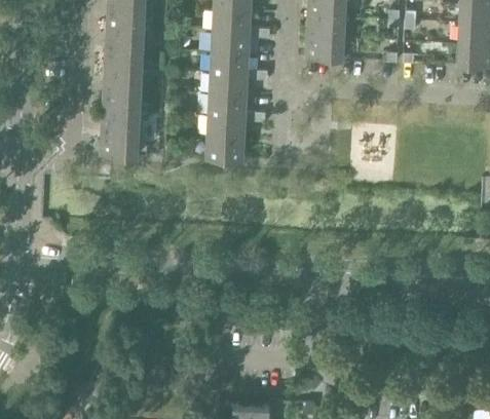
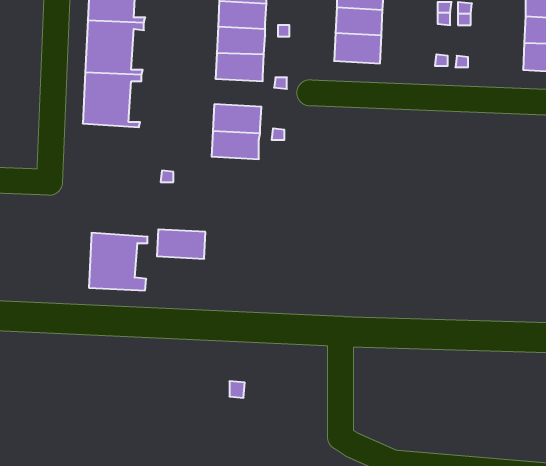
building: [209,73,248,96] -> none
building: [101,109,148,155] -> [89,233,148,290]
building: [205,136,244,159] -> [157,229,205,259]

